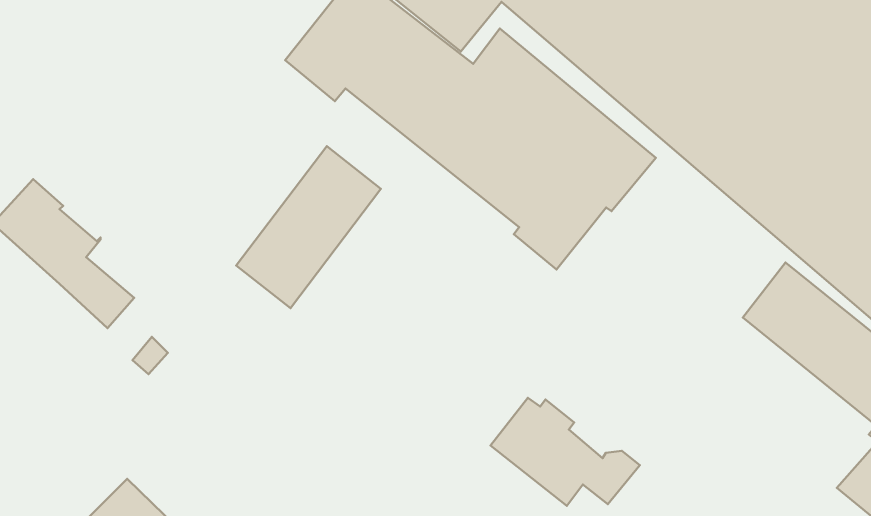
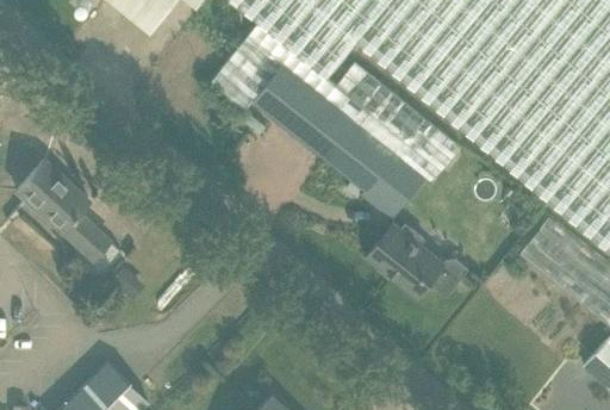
building: [236,146,381,308] -> none
building: [491,398,640,506] -> [369,223,469,296]

